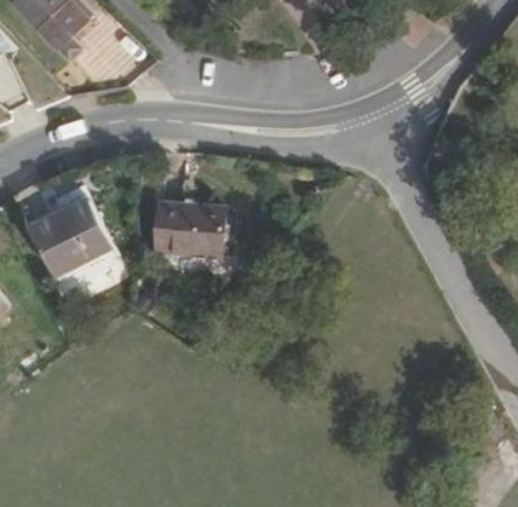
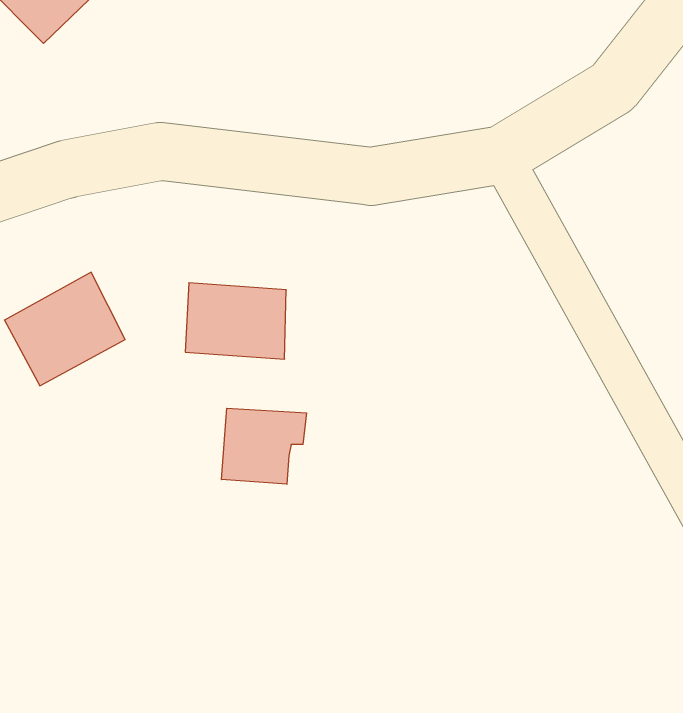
building: none -> [222,408,306,484]

